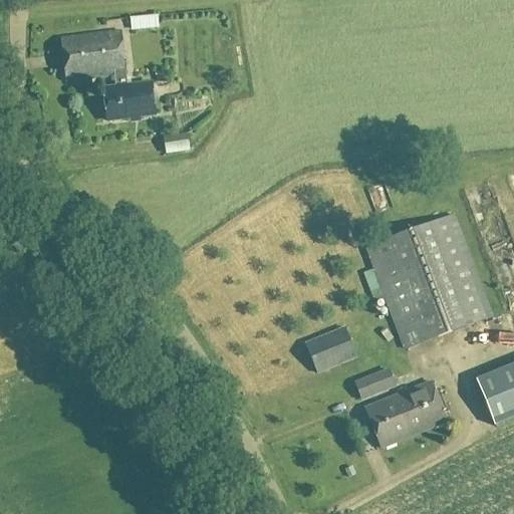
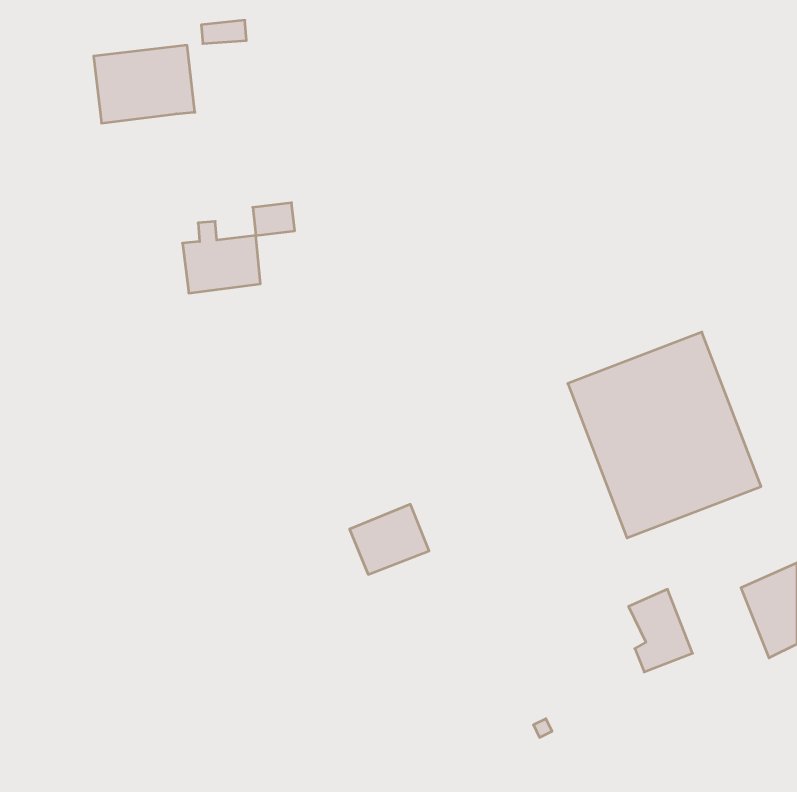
building: [103,72,154,118] -> [182,221,260,293]
building: [304,326,355,371] -> [350,504,429,574]
building: [354,368,395,397] -> none
building: [364,391,416,447] -> none

